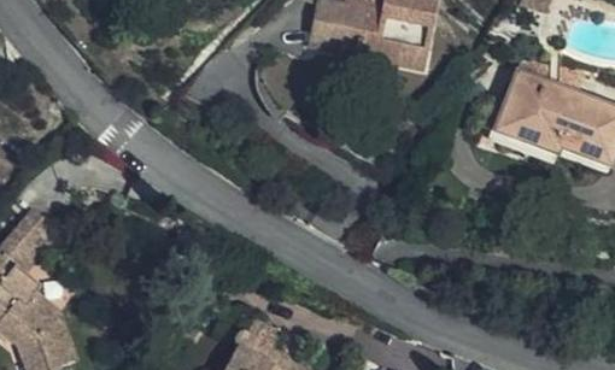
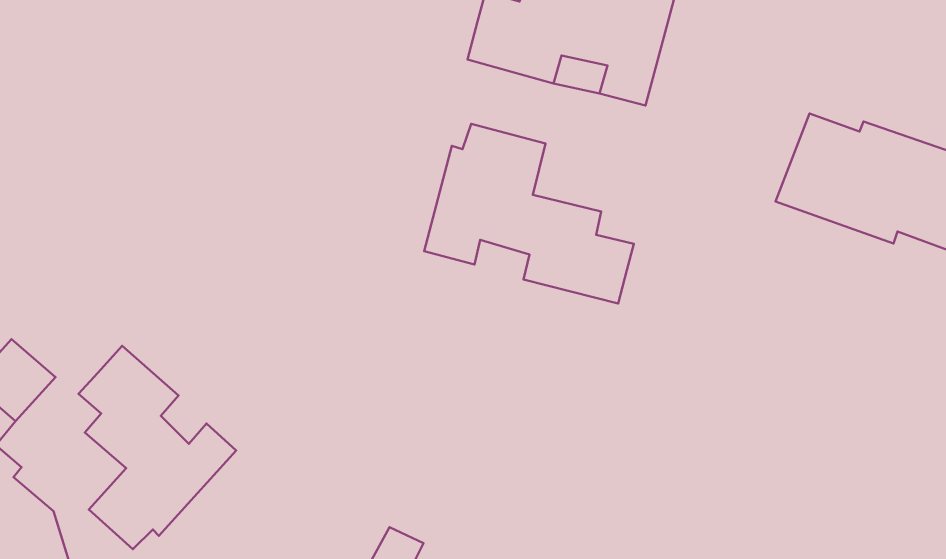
building: none -> [424,124,634,303]
building: none -> [78,346,236,549]

